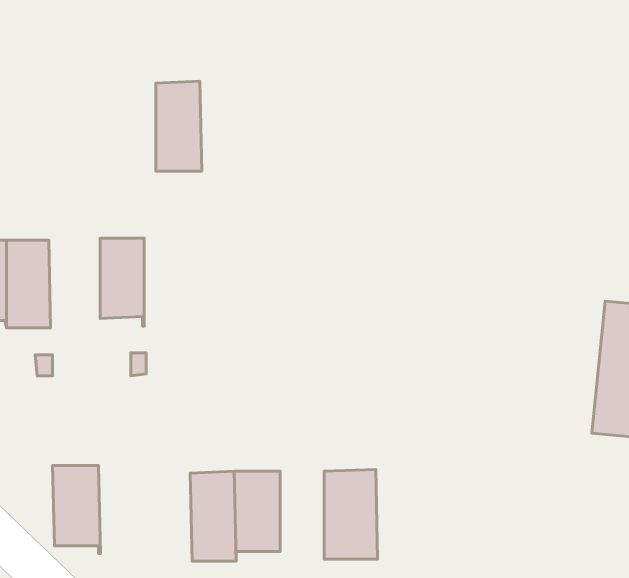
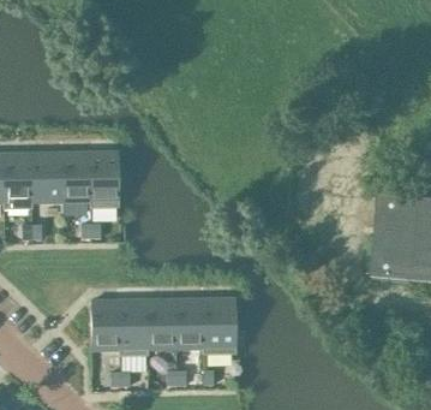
building: [156,81,202,171] -> [91,151,120,208]
building: none -> [31,153,64,209]
building: [53,466,100,553] -> [91,301,121,356]
building: none -> [176,299,204,355]

